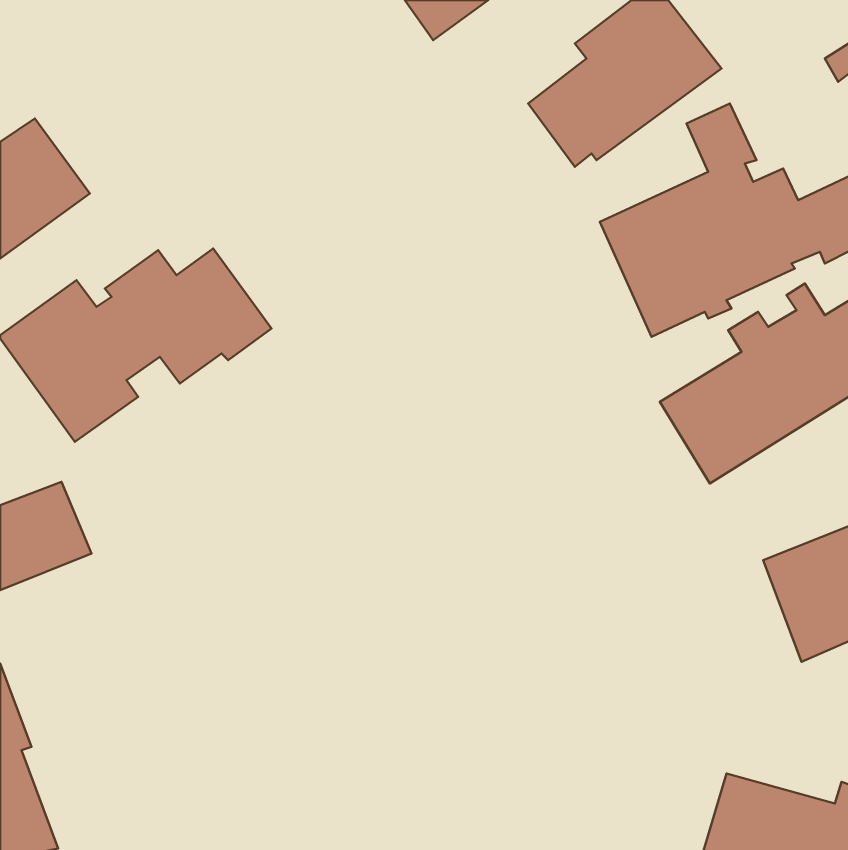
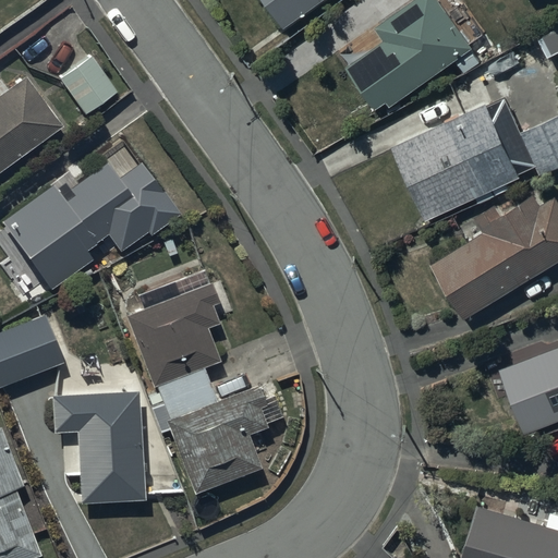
building: none -> [59,58,117,114]
building: none -> [126,271,281,495]
building: none -> [51,392,143,504]

